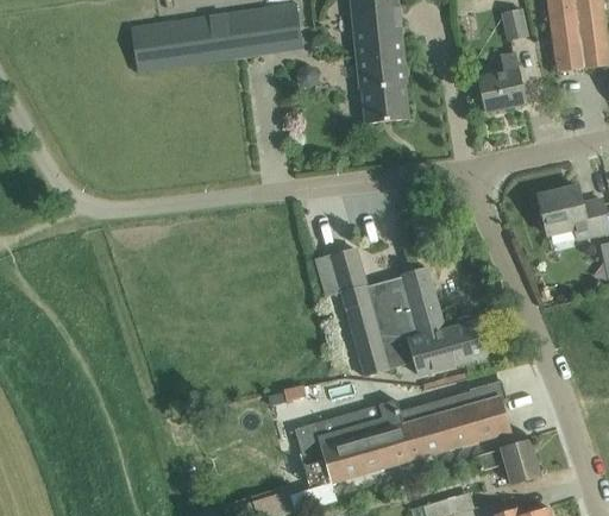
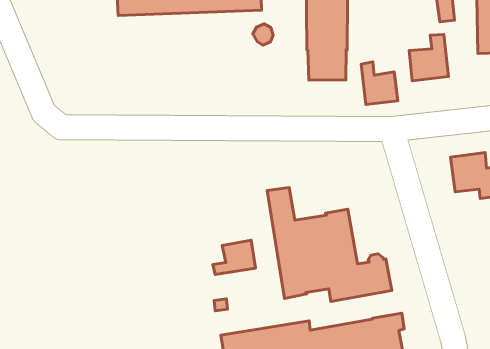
building: none -> [361,62,398,104]
building: none -> [213,240,256,275]

